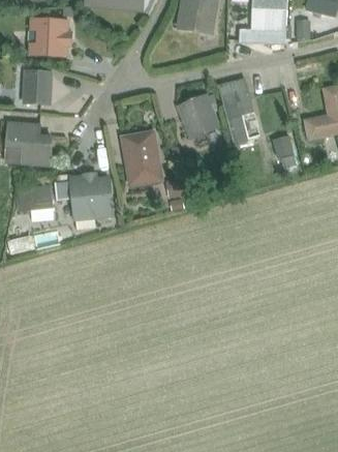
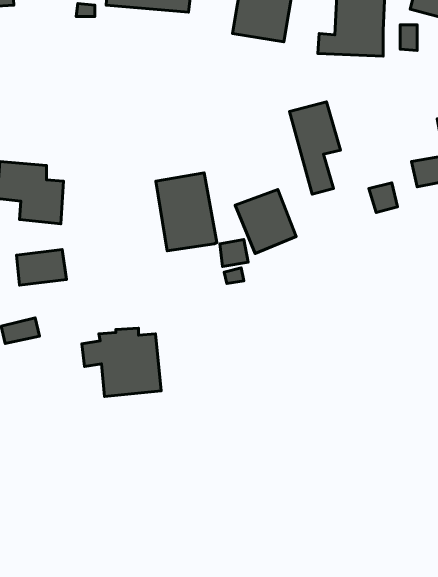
building: [28,18,72,58] -> none
building: [24,70,50,101] -> none
building: [176,93,220,140] -> [235,190,296,254]
building: [56,172,114,221] -> [82,328,161,396]

